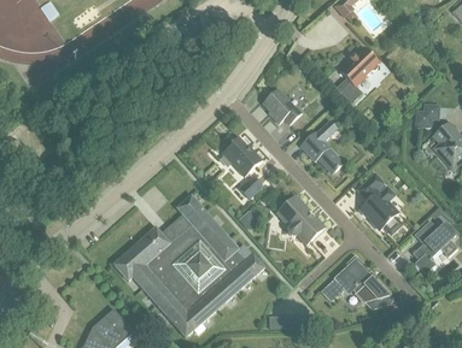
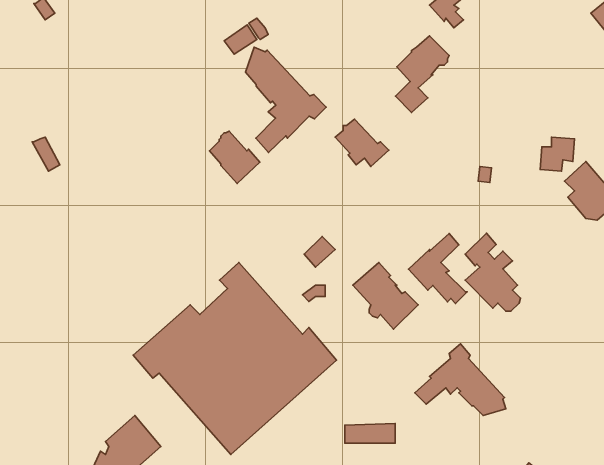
building: none -> [246,47,326,153]
building: [338,47,378,104] -> [395,36,449,112]
building: [299,119,343,171] -> [408,233,467,303]
building: [223,137,261,176] -> [209,131,260,183]
building: [411,220,456,273] -> none

